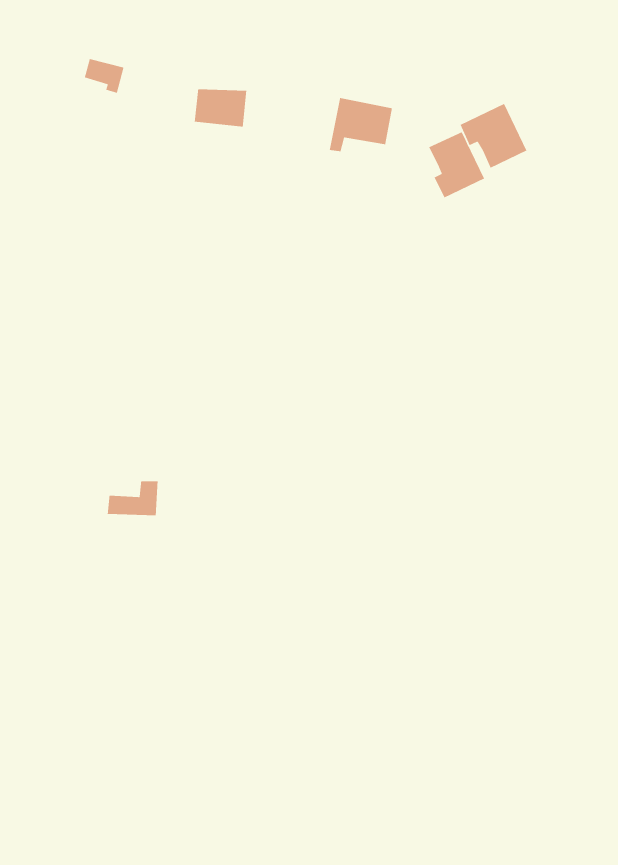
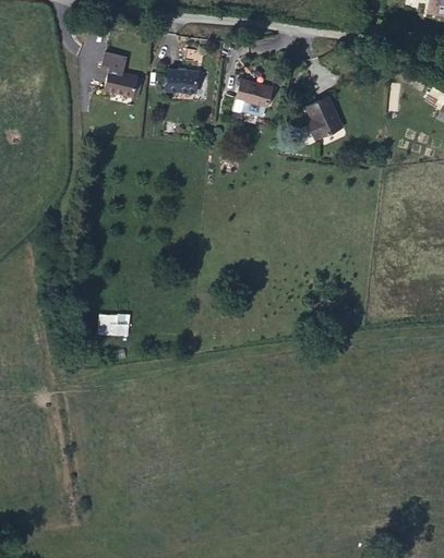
building: none -> [101,70,134,97]
building: [459,103,527,169] -> none

